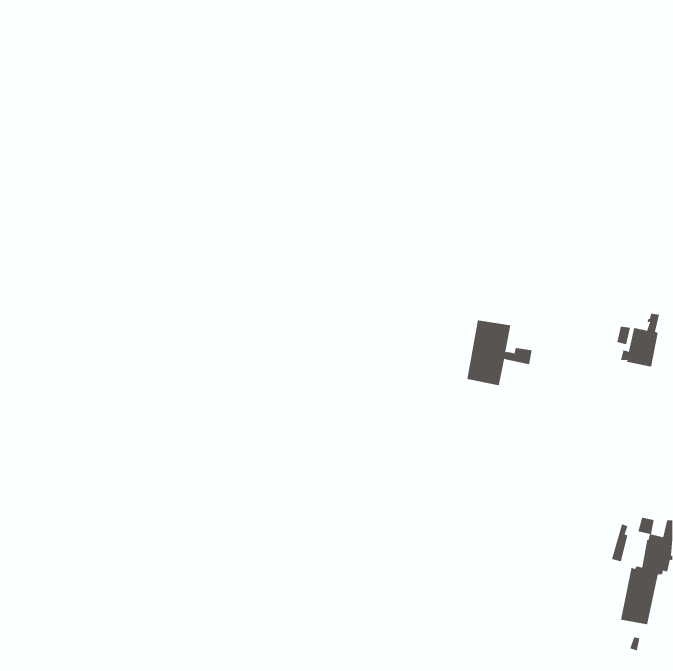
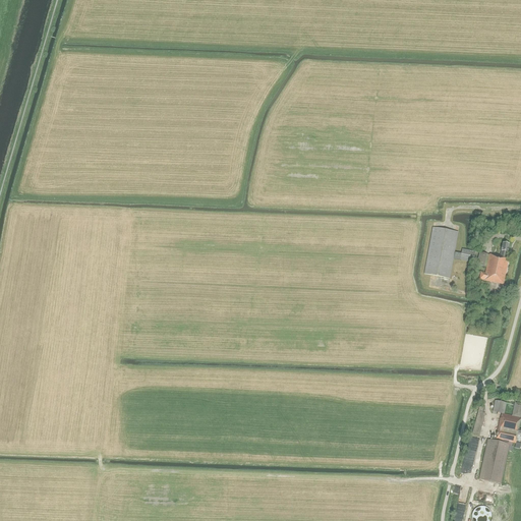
building: [466,320,532,386] -> [424,227,475,278]

